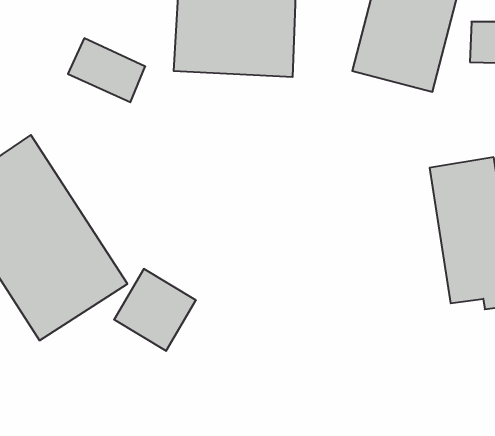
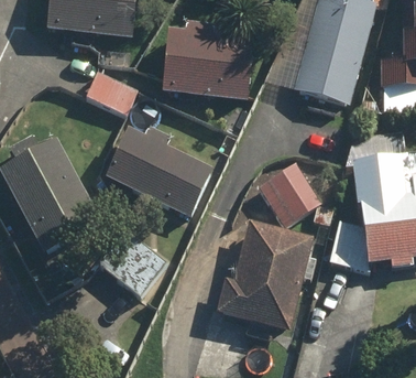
building: none -> [102,127,212,217]
building: none -> [259,159,324,224]
building: none -> [215,220,313,330]

